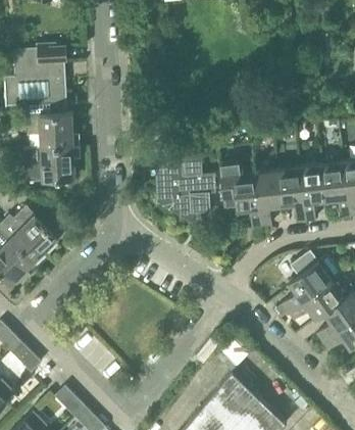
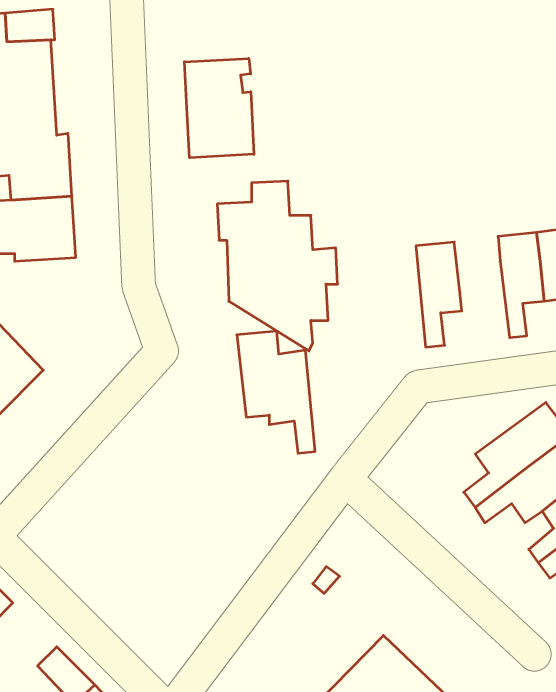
building: none -> [184,58,254,158]
building: [220,161,262,227] -> [237,331,315,453]
building: [277,166,307,222] -> none

